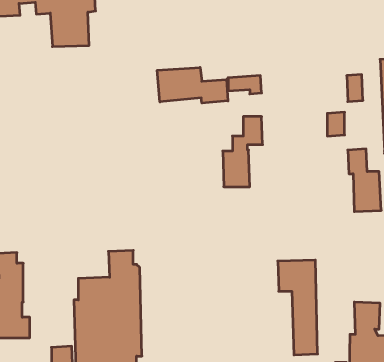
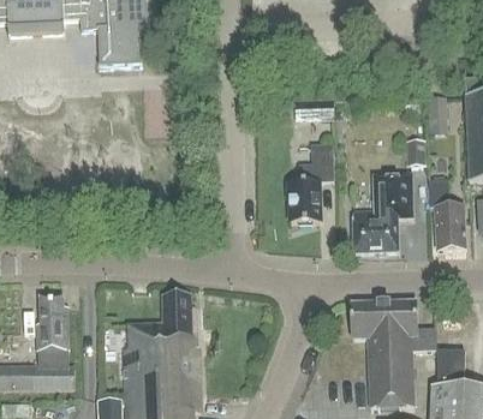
building: [157,67,228,103] -> none
building: none -> [353,175,412,253]
building: none -> [393,303,436,408]

